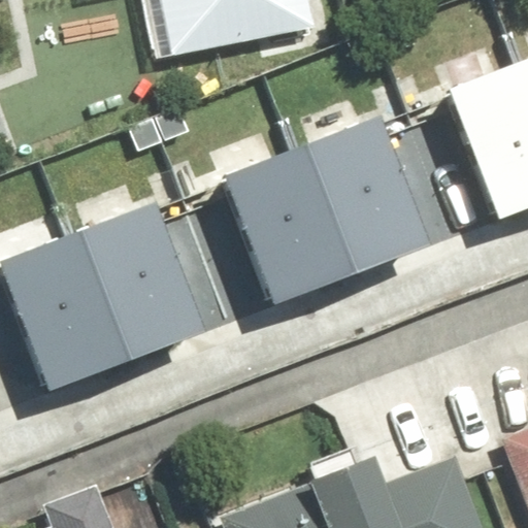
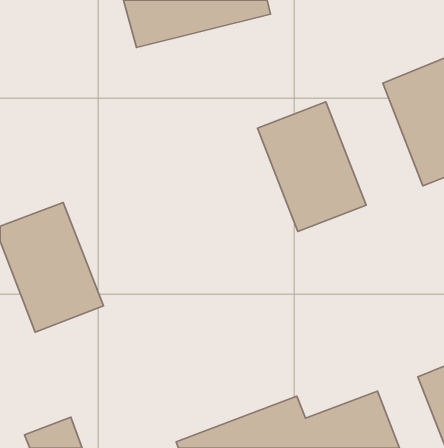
building: [228,151,355,303] -> none
building: [78,207,205,360] -> none

